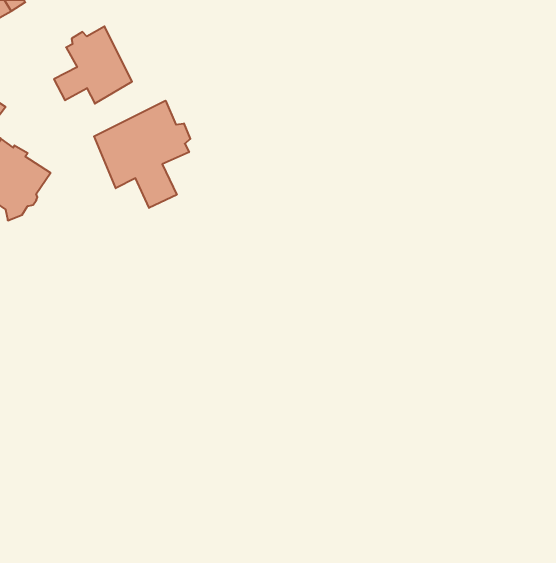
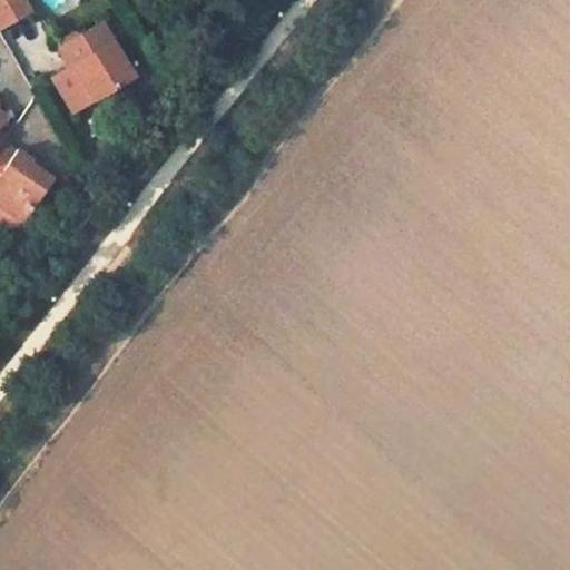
building: [94,101,190,208] -> none

